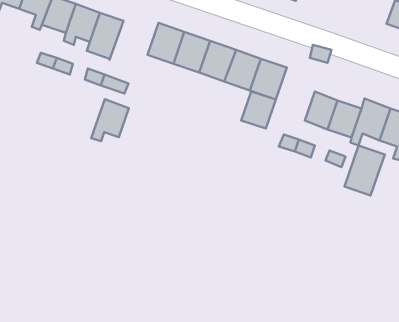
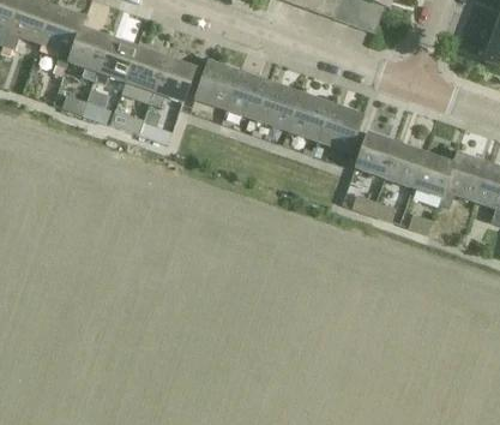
building: [241,92,276,128] -> [355,132,397,176]
building: [91,99,129,141] -> [150,56,195,107]
building: [344,145,385,195] -> none

